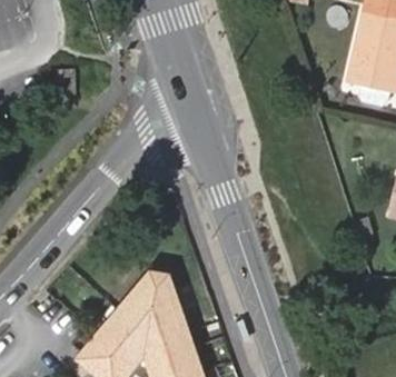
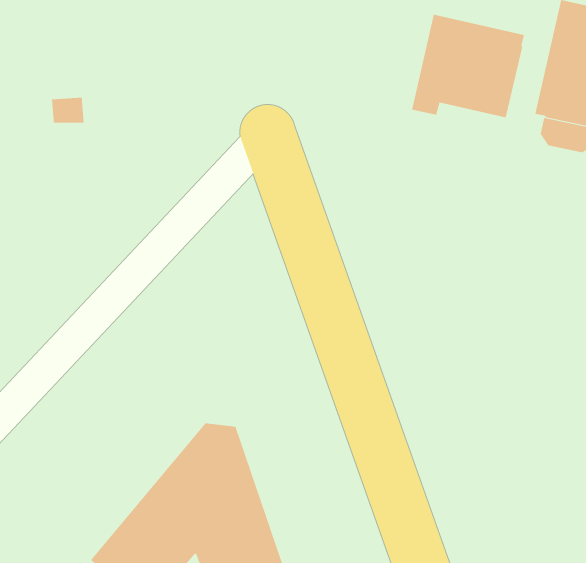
building: none -> [411,14,525,118]

